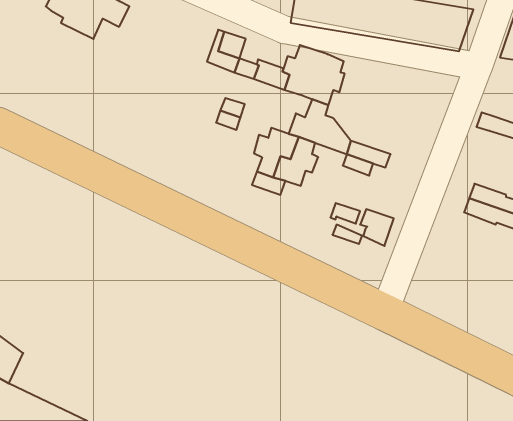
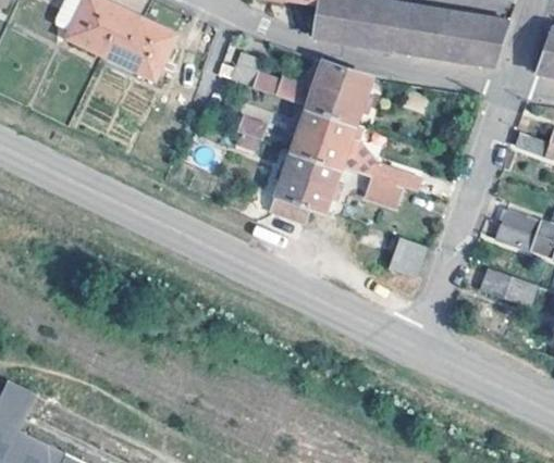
building: none -> [103,20,174,79]
building: none -> [290,109,336,155]
building: none -> [483,268,537,306]

